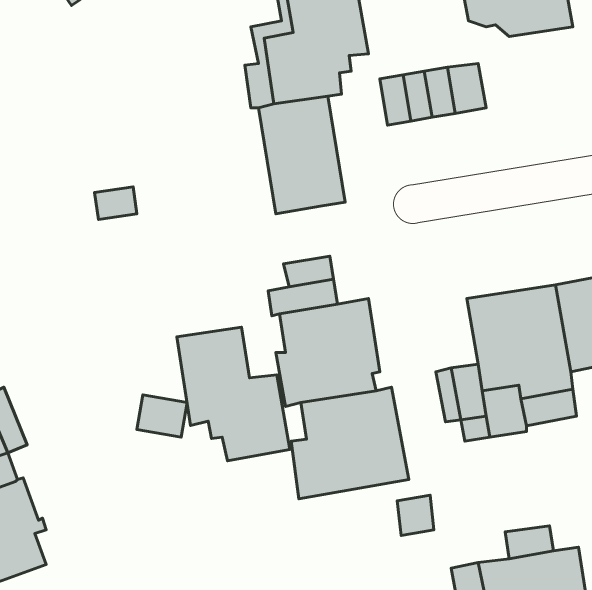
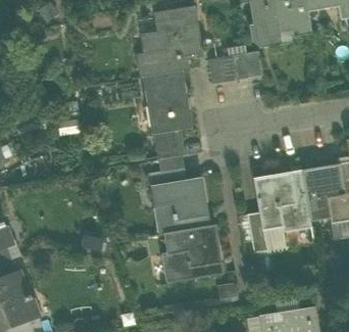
building: none -> [153,128,182,158]
building: [177,327,290,461] -> none

